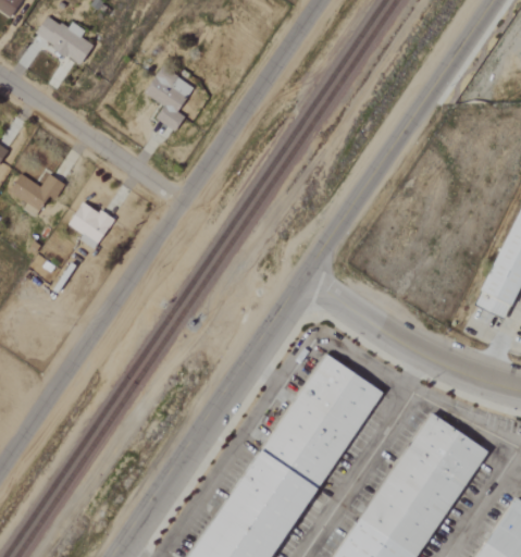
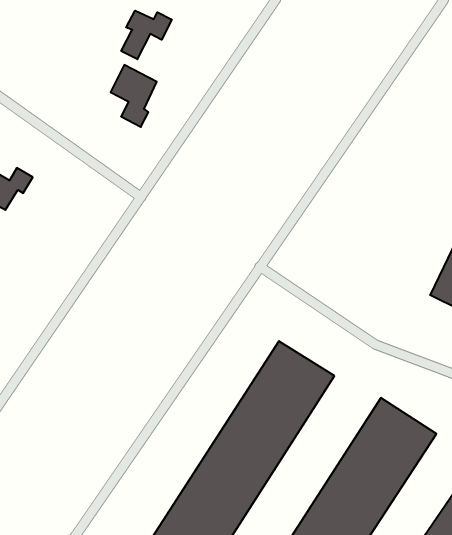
building: none -> [121,11,172,59]
building: [38,17,96,64] -> none
building: [70,201,116,250] -> none

